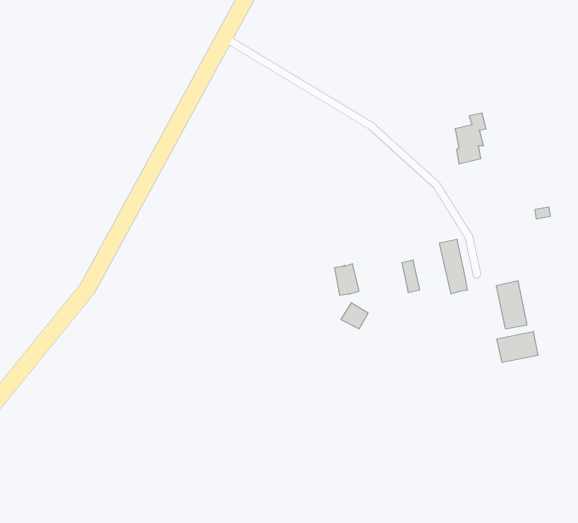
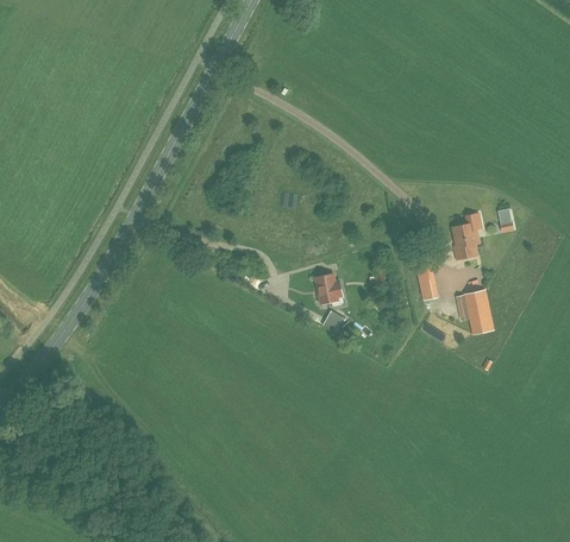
building: [455,113,486,164] -> [452,213,481,259]
building: [497,331,538,362] -> none

